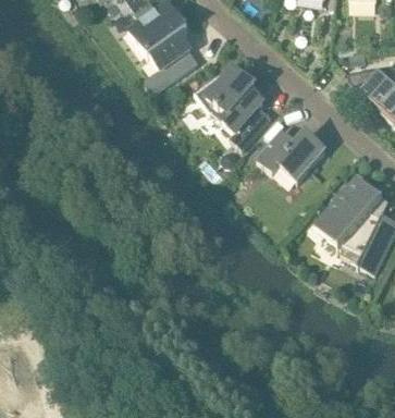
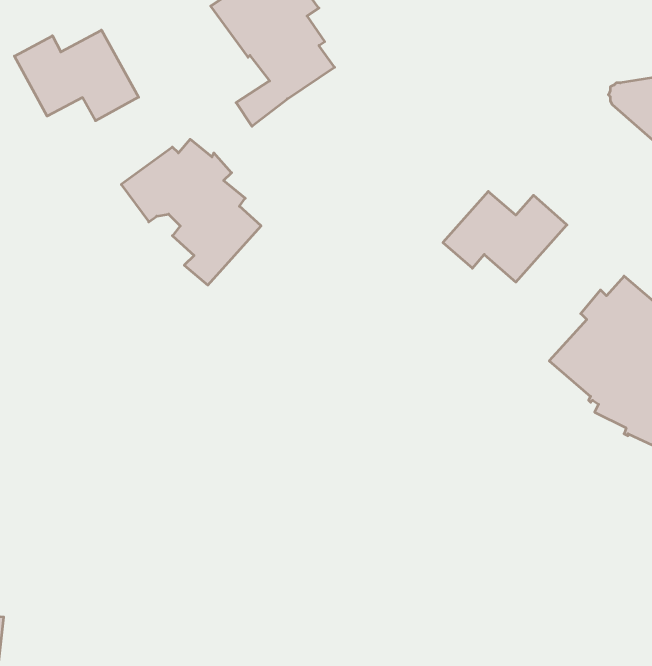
building: none -> [14,30,139,121]
building: [195,66,272,147] -> [121,139,261,285]

